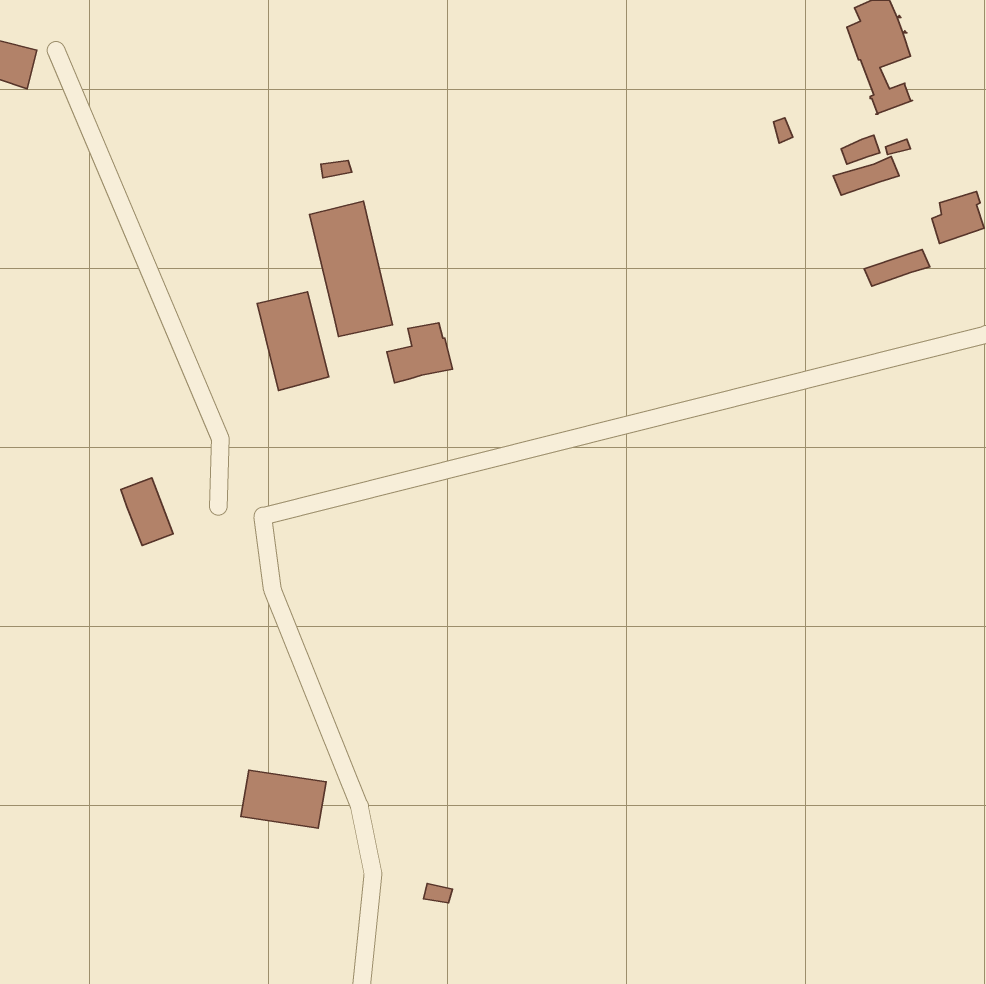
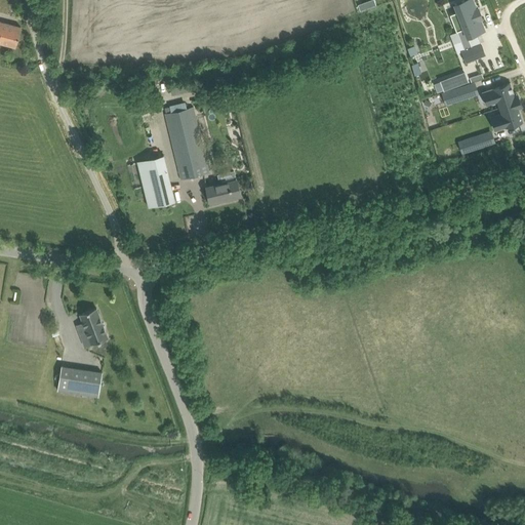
building: none -> [486,85,518,110]
building: [121,478,173,545] -> [79,310,107,346]
building: [241,770,326,828] -> [56,367,102,398]

